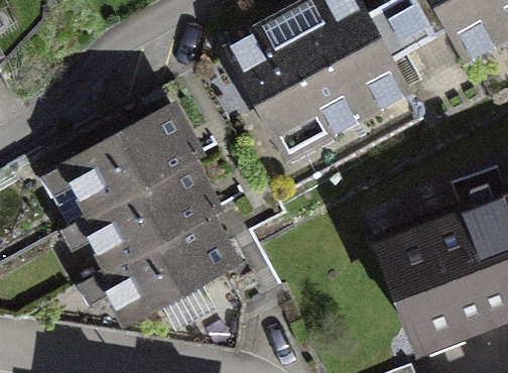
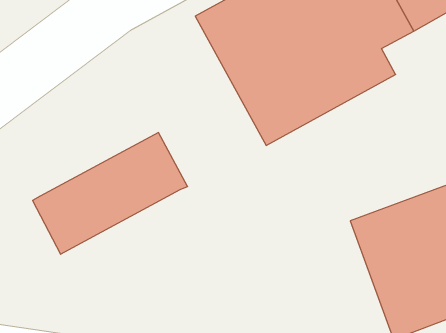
building: [57,99,203,213] -> none
building: [98,207,244,321] -> none

